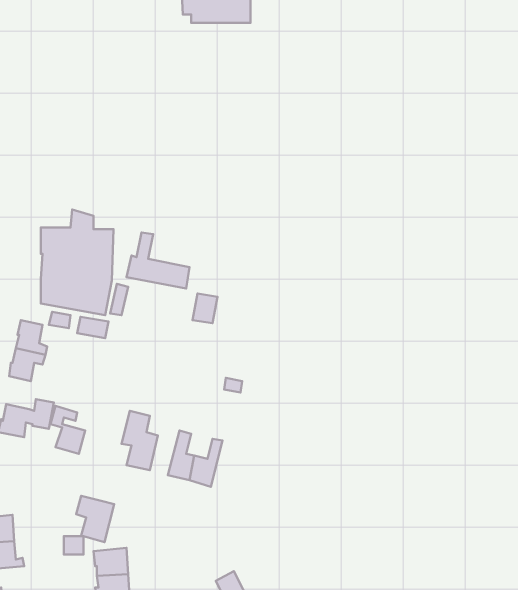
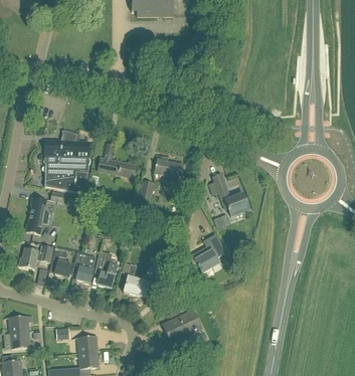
building: none -> [154,154,183,177]
building: none -> [208,173,248,215]
building: none -> [189,233,225,272]
building: [76,496,114,542] -> [72,254,96,283]
building: none -> [162,310,200,342]

